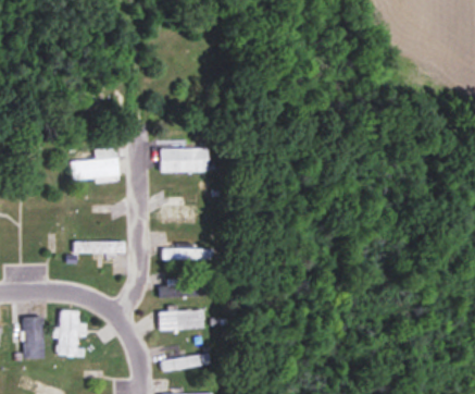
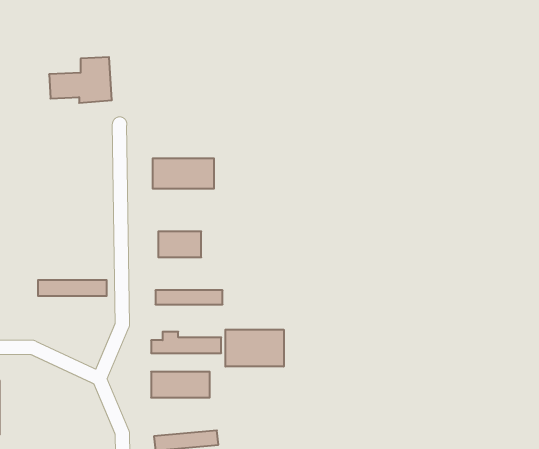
building: [71,148,118,183] -> [49,57,112,103]
building: none -> [225,330,284,367]
building: [59,309,85,356] -> none

